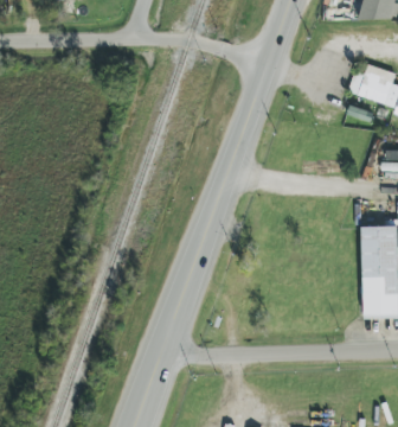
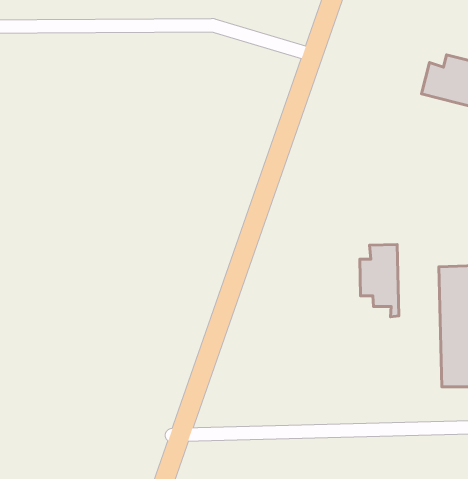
building: none -> [360,245,399,317]

